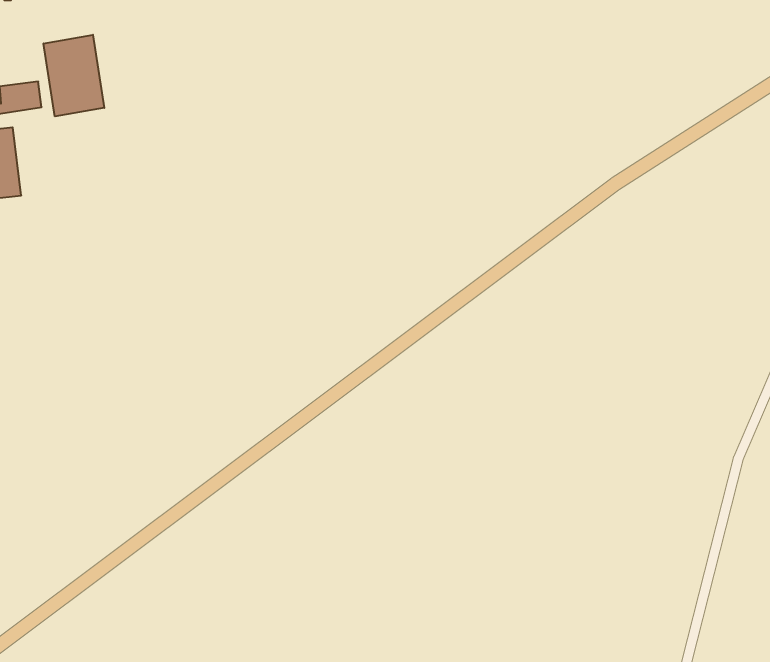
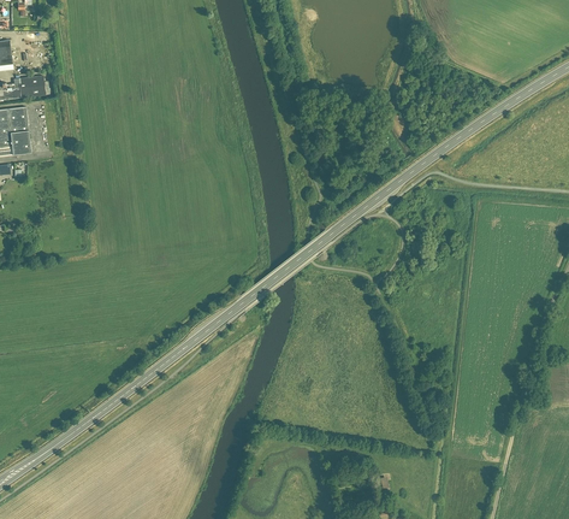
building: [44,35,104,116] -> none

